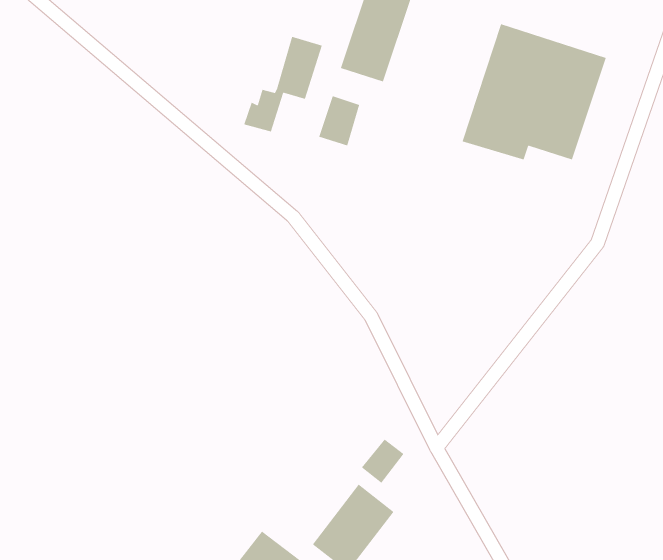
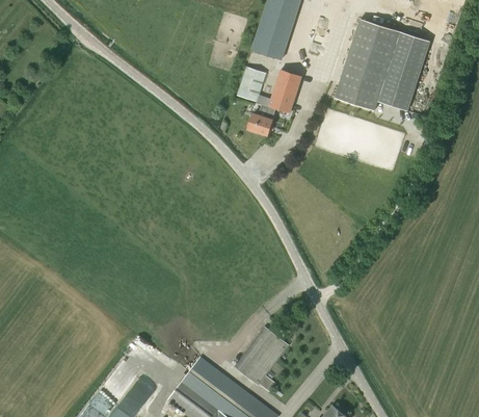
building: [243,36,323,133] -> [248,70,301,134]
building: [361,438,405,484] -> none

